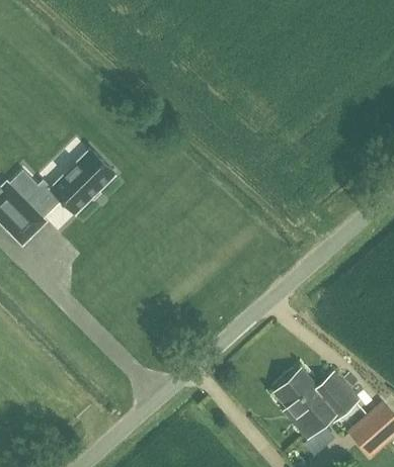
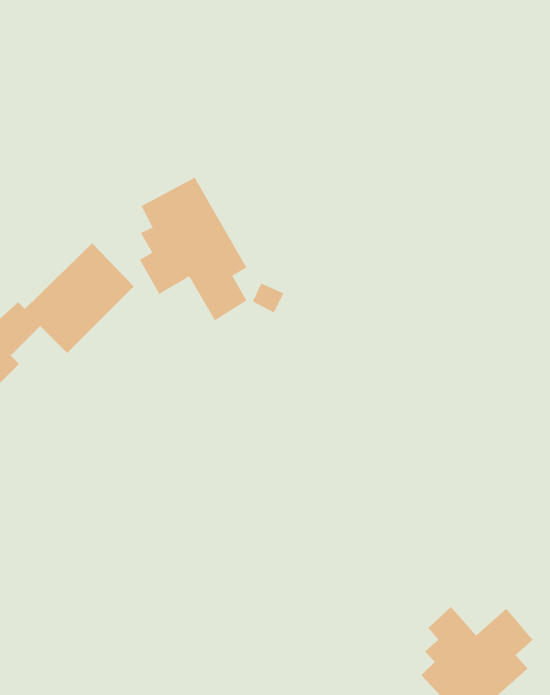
building: none -> [139,177,247,321]

